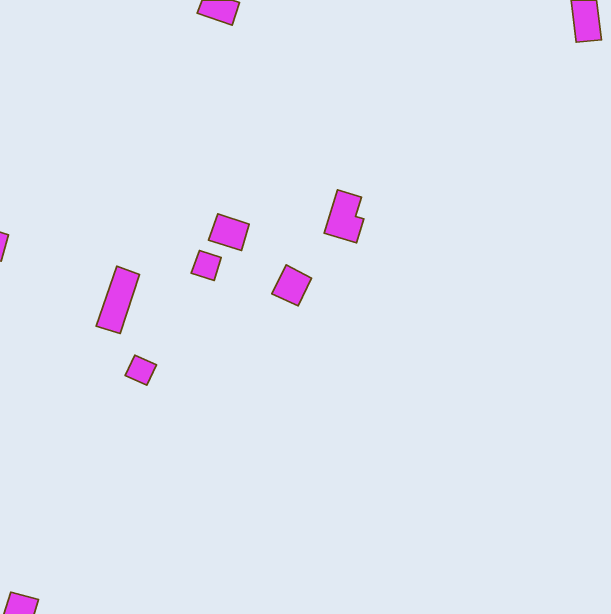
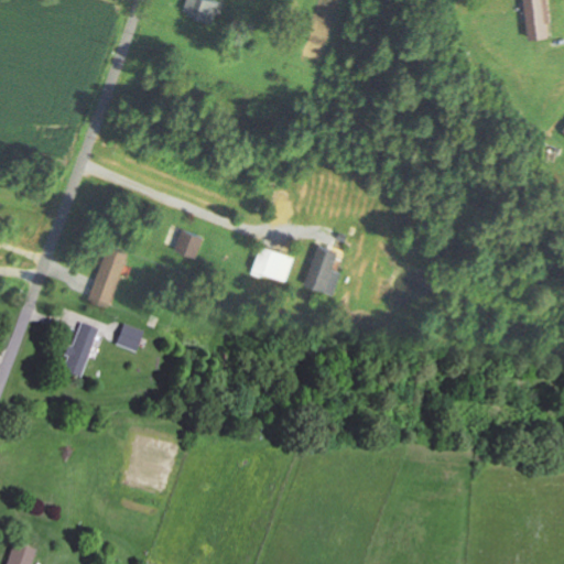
building: [324,190,364,243] -> [305,246,341,294]
building: [208,214,249,250] -> none
building: none -> [59,324,97,381]

